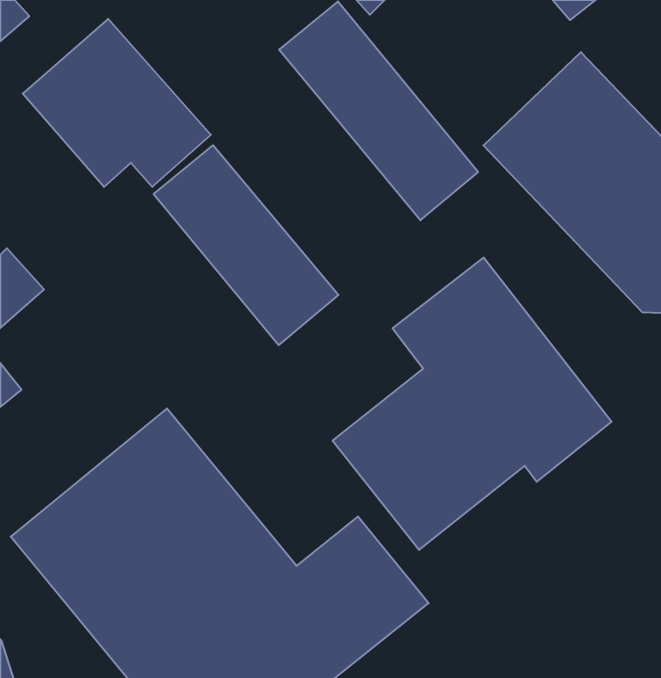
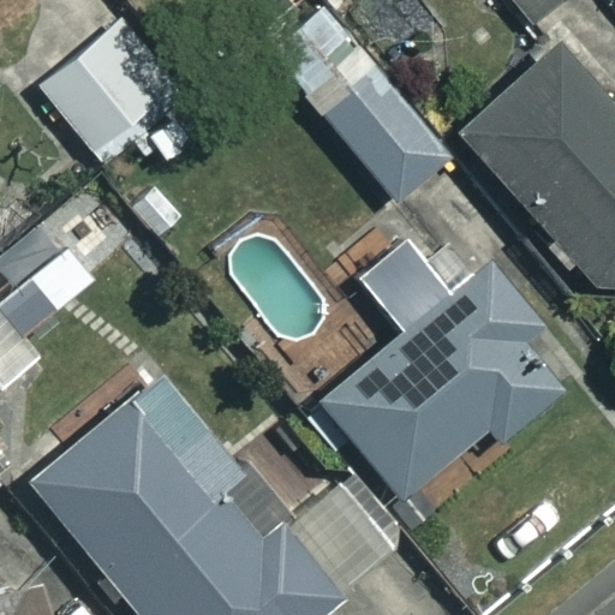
building: [154,145,339,345] -> none

